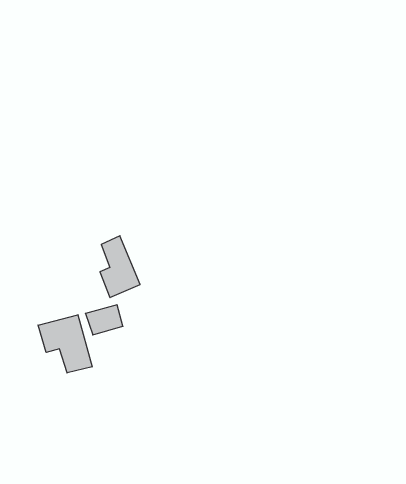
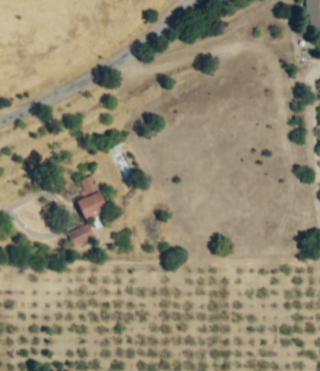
building: [38,315,92,373] -> none

